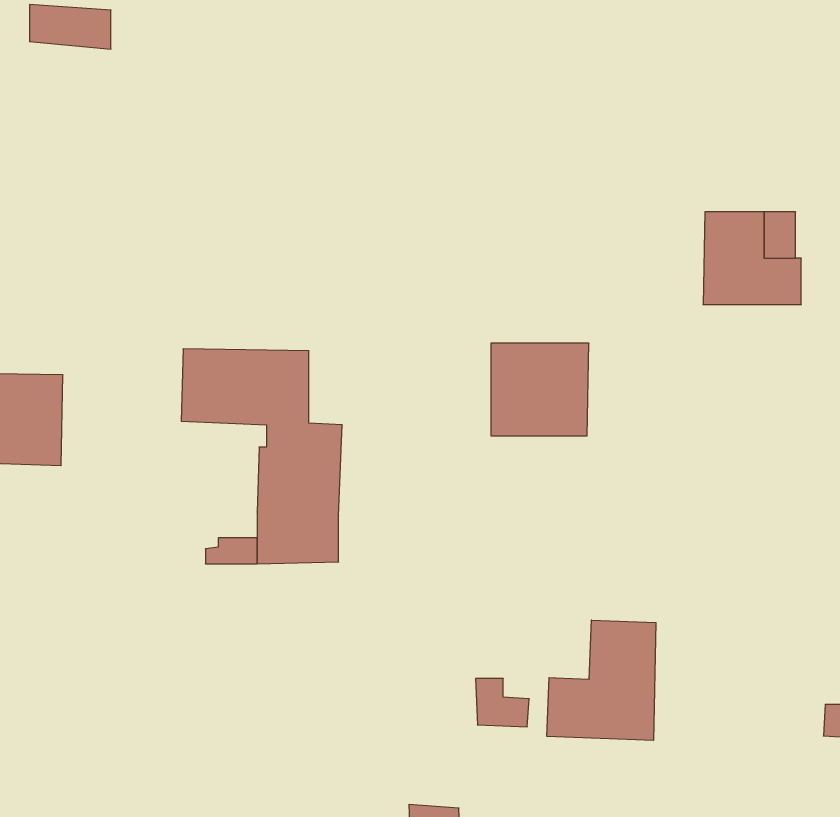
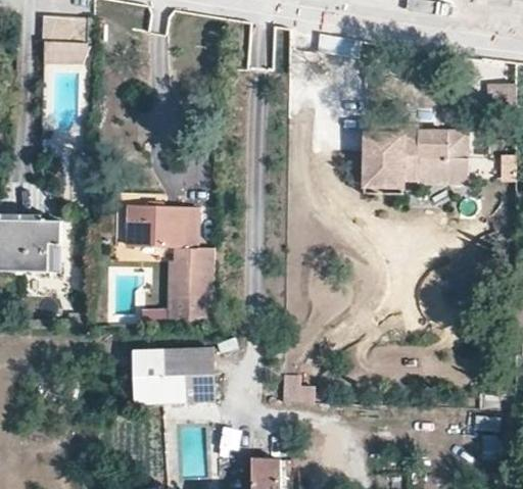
building: [491,343,589,436] -> [361,130,415,181]
building: none -> [136,349,211,401]
building: [547,620,656,740] -> none

